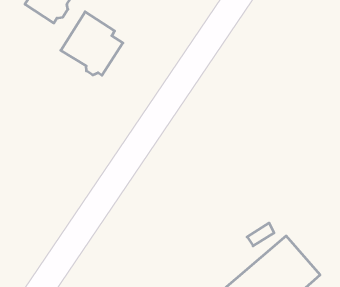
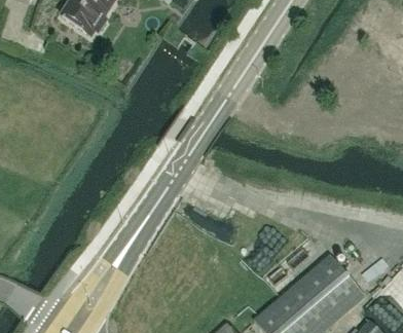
building: [61,12,123,75] -> none

